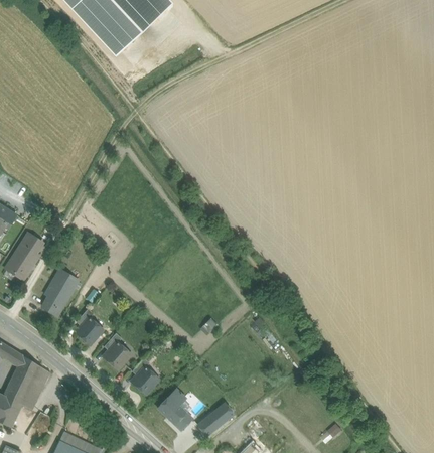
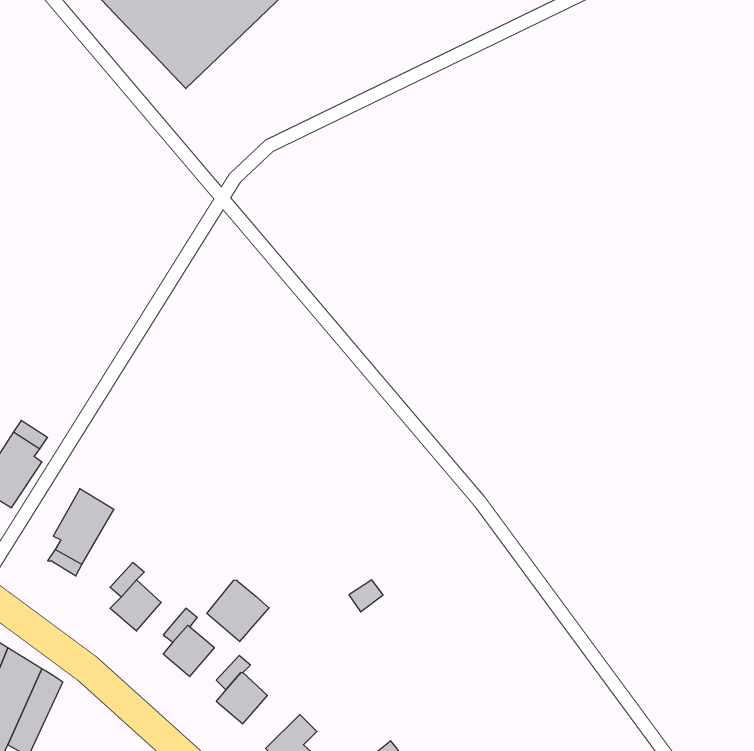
building: none -> [207,580,269,642]

